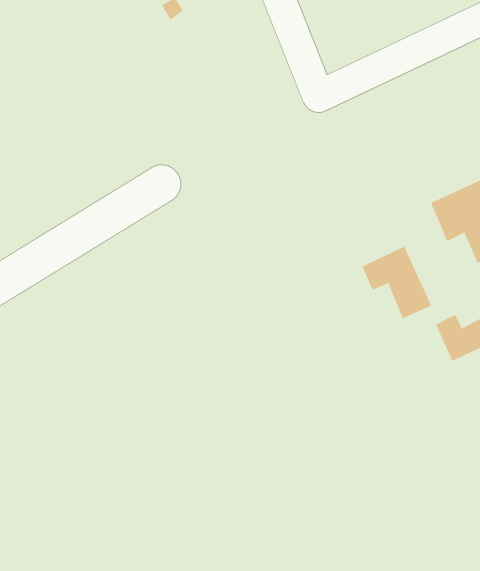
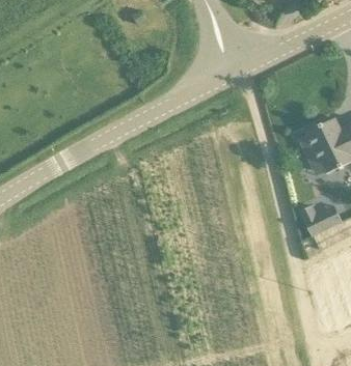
building: [362,246,432,319] -> none

